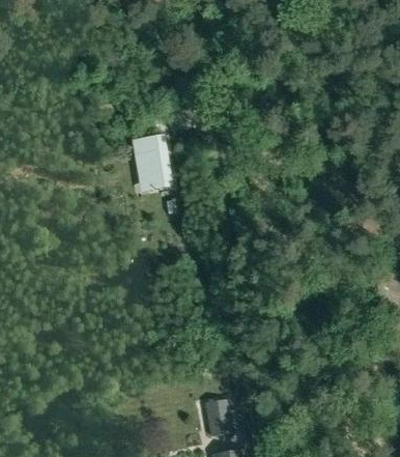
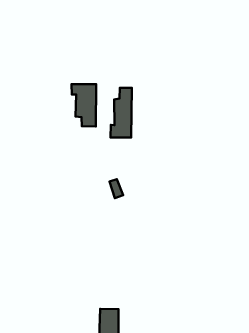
building: none -> [110,88,132,138]

